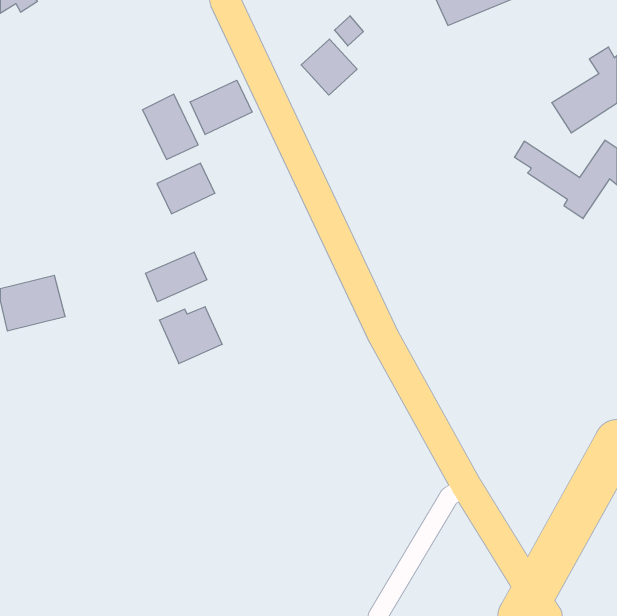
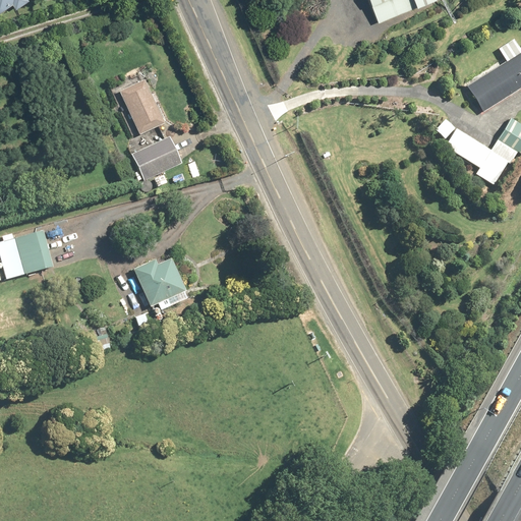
building: [301,39,357,95] -> none
building: [190,80,252,135] -> none
building: [146,252,207,302] -> none

